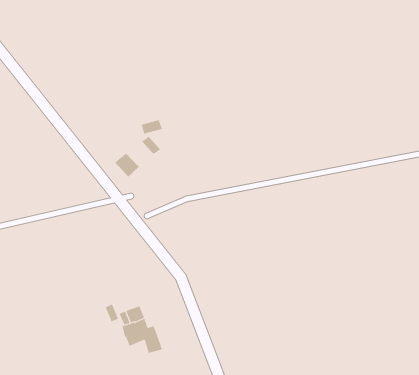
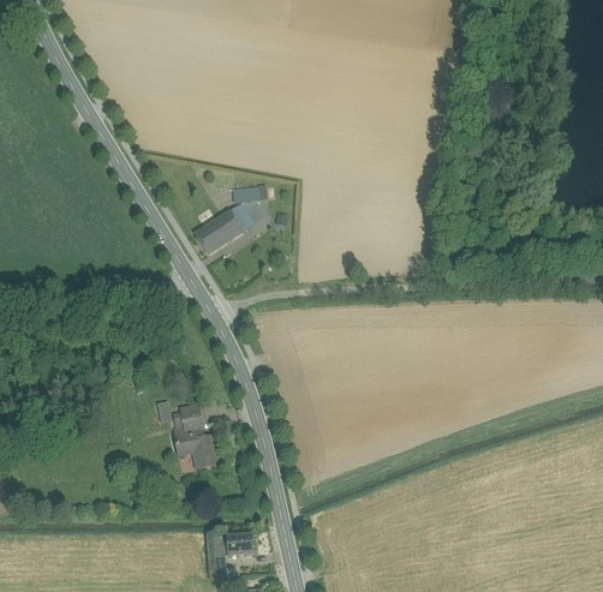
building: none -> [210,209,243,241]

